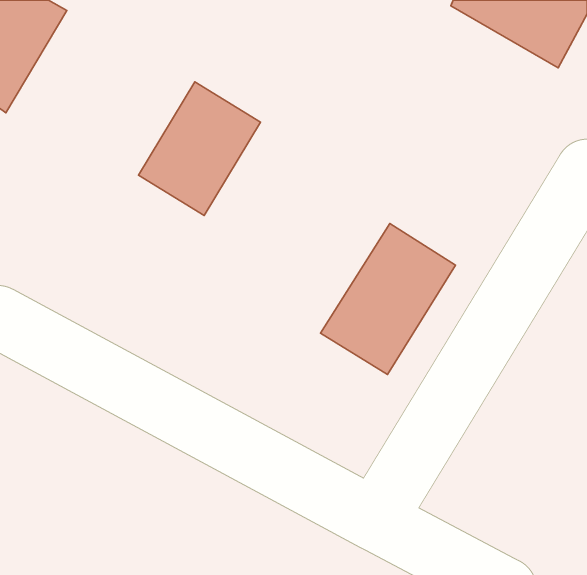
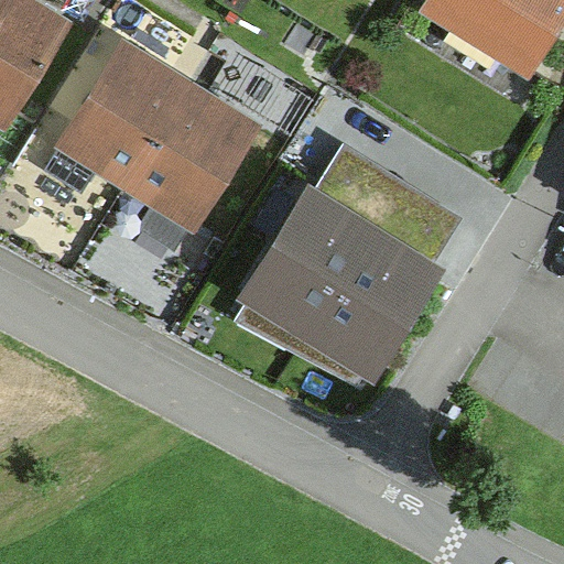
building: none -> [69,53,186,181]
building: none -> [243,188,372,332]

